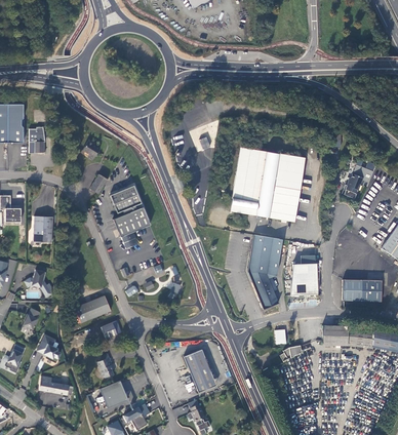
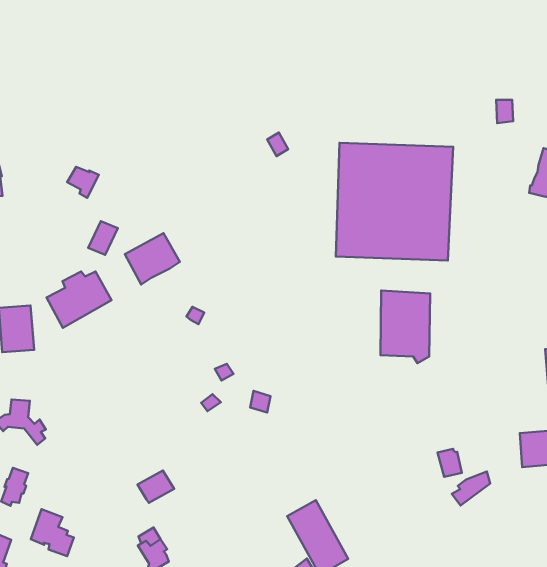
building: [113,205,150,236] -> [46,272,112,328]
building: [292,263,317,293] -> none
building: [248,270,278,307] -> none
building: [80,294,110,319] -> none

